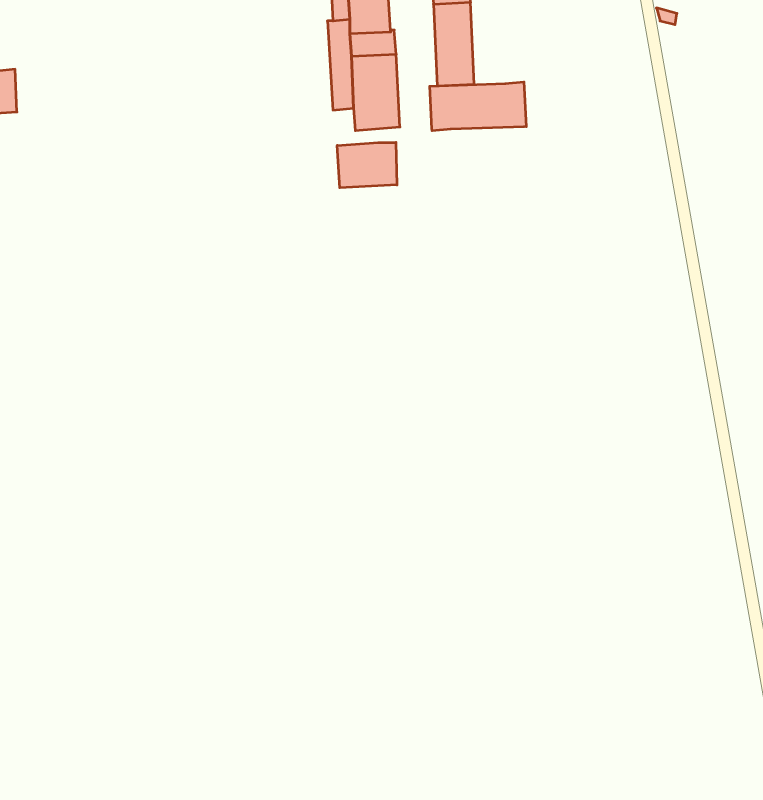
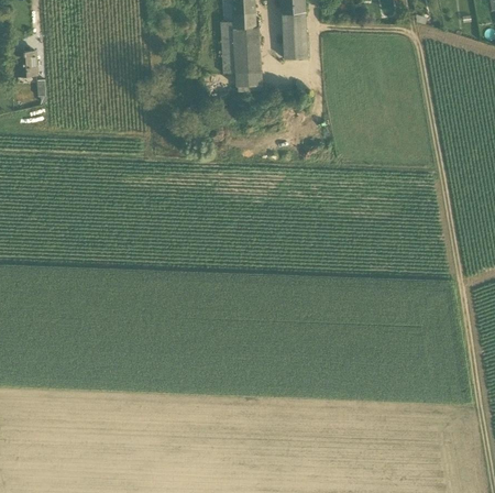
building: [430,82,526,131] -> none
building: [337,142,397,188] -> none

